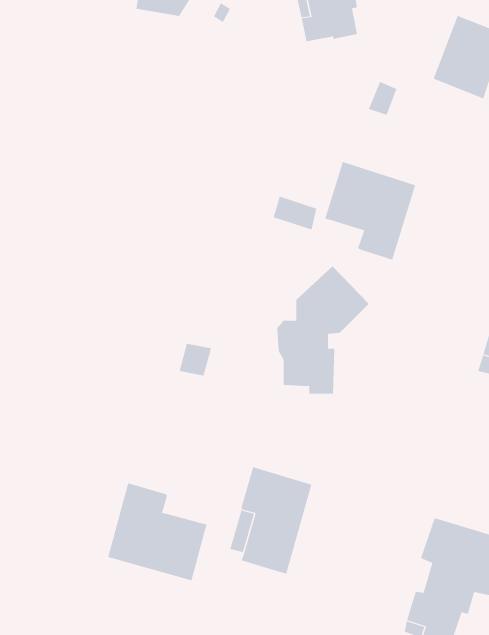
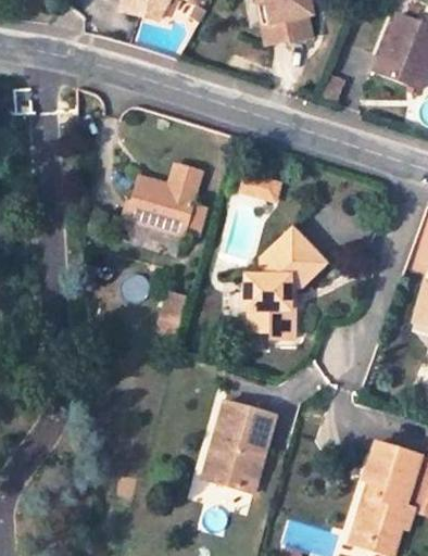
building: [325,161,416,260] -> none
building: none -> [128,165,200,235]
building: [107,483,207,581] -> none

